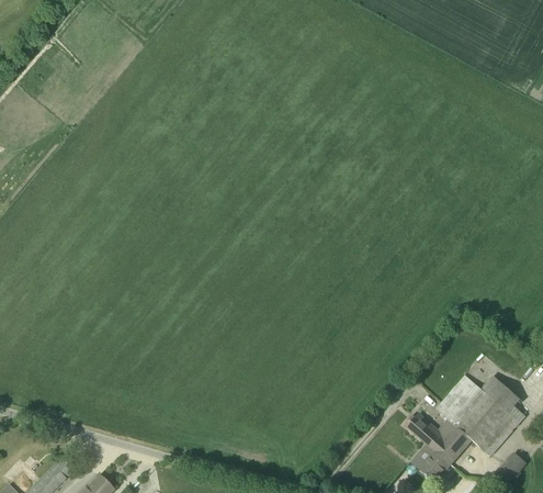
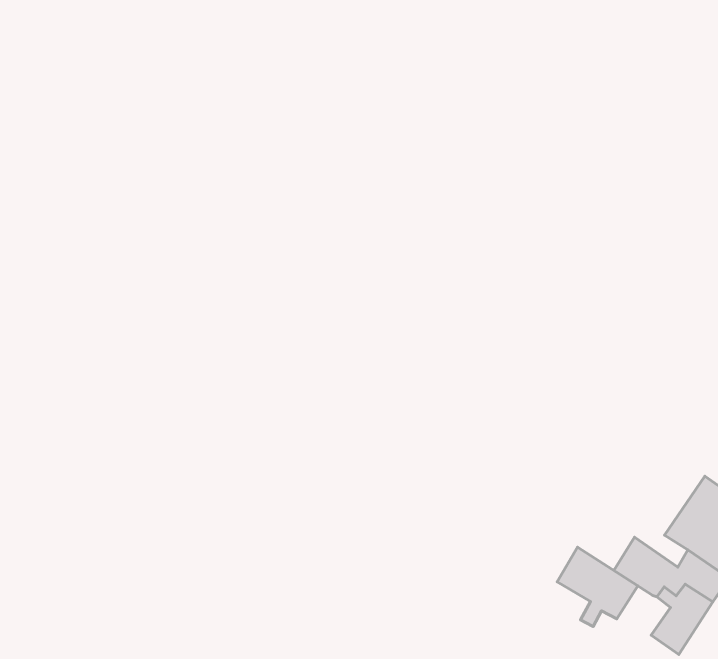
building: none -> [557,547,638,626]

